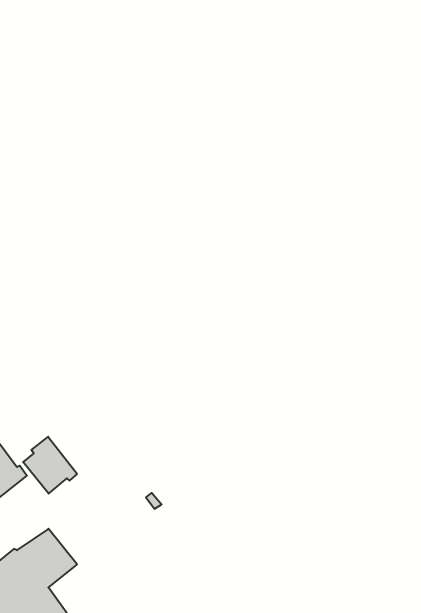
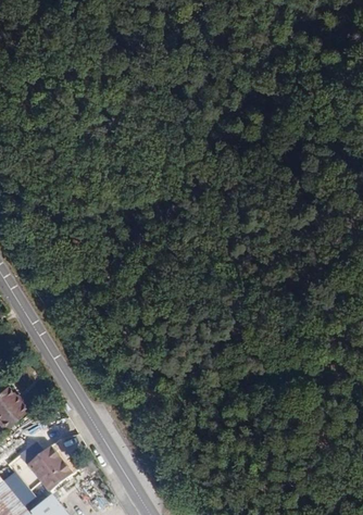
building: [23,437,77,494] -> none

